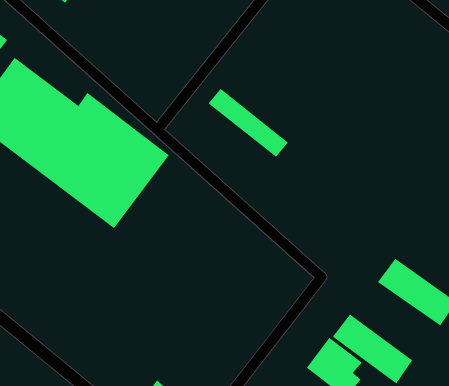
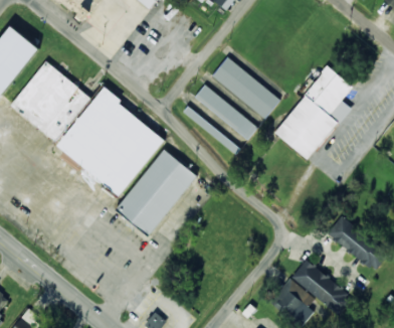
building: none -> [211,56,280,119]
building: none -> [274,62,353,160]
building: none -> [117,148,196,235]

